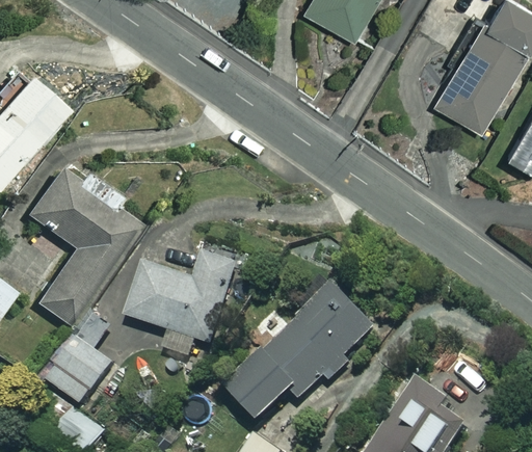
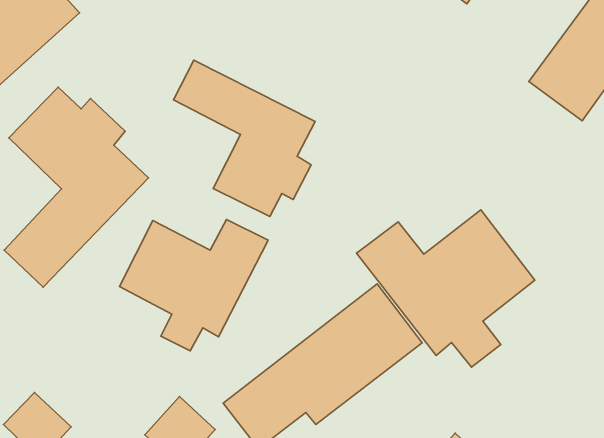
building: none -> [174,60,315,217]
building: none -> [356,210,535,367]
building: [48,336,114,404] -> none

